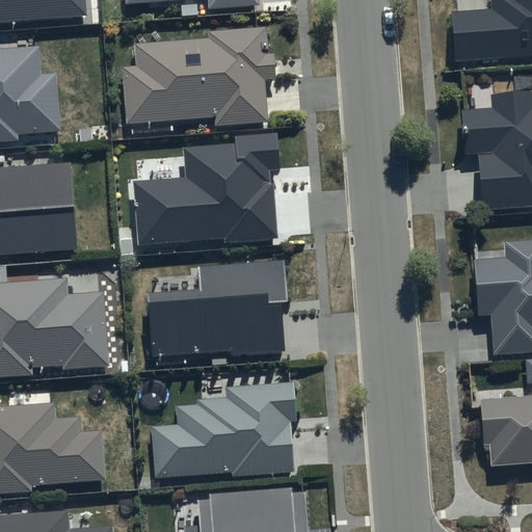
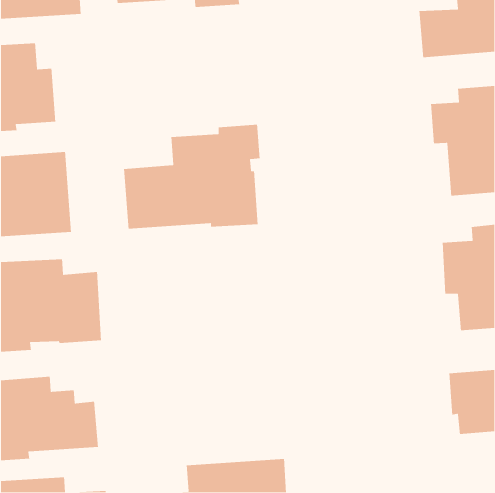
building: [123,27,274,127] -> none
building: [147,260,288,357] -> none
building: [152,383,296,478] -> none

